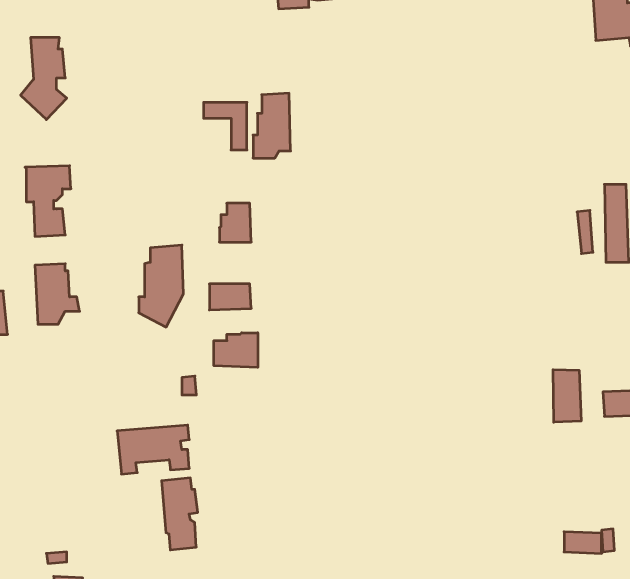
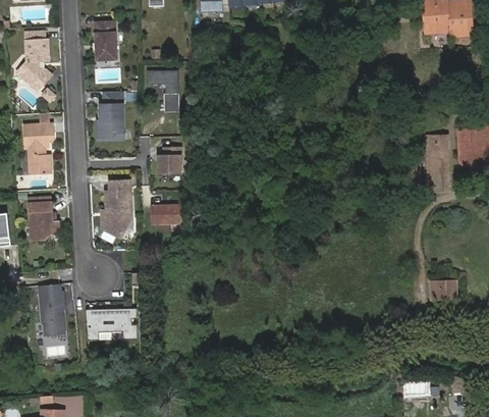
building: none -> [95,19,118,59]
building: [253,93,291,158] -> [98,91,124,137]
building: [214,333,258,367] -> none
building: [553,370,581,422] -> none
building: [162,478,198,550] -> [40,283,65,334]

